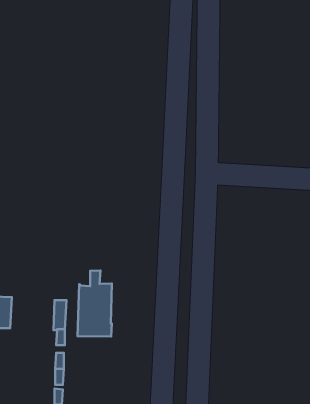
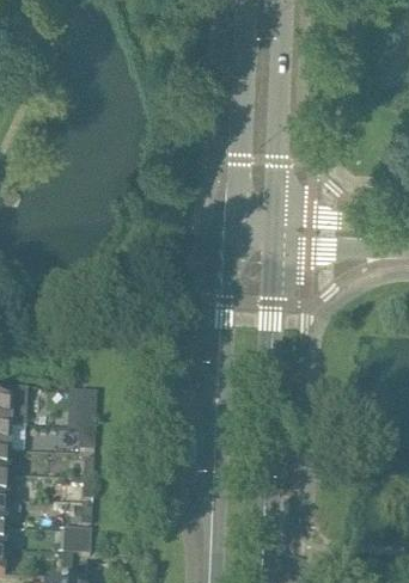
building: [78,271,112,337] -> none

